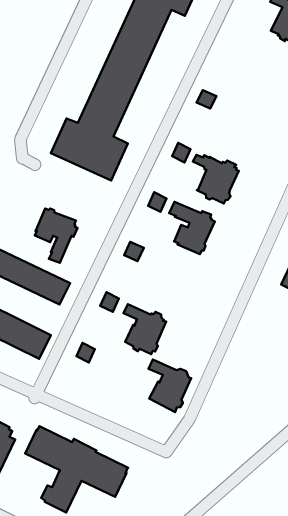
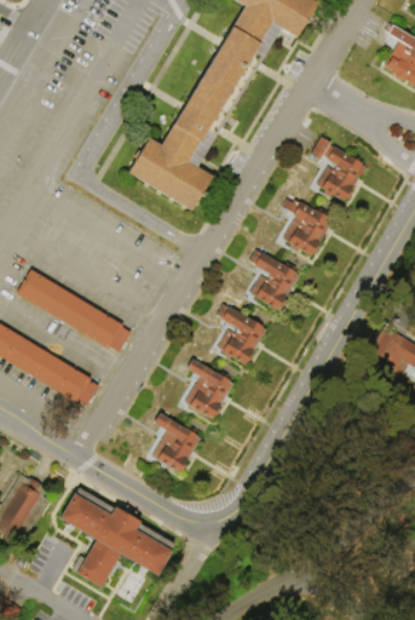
building: none -> [310,136,365,201]
building: [35,208,77,263] -> none
building: none -> [215,303,265,364]
building: [148,360,191,412] -> [150,412,200,473]

